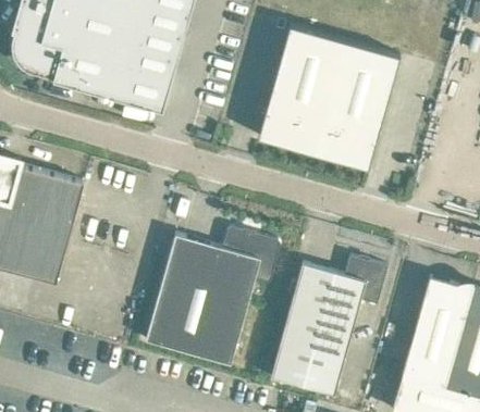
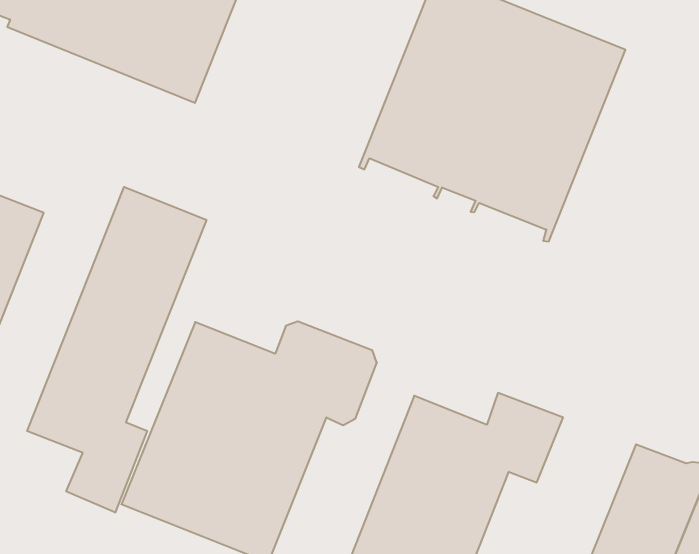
building: none -> [27,187,206,513]

